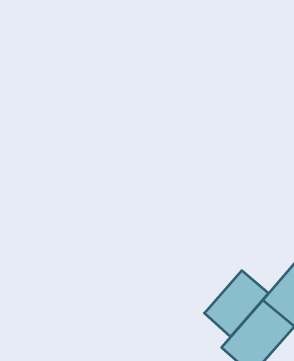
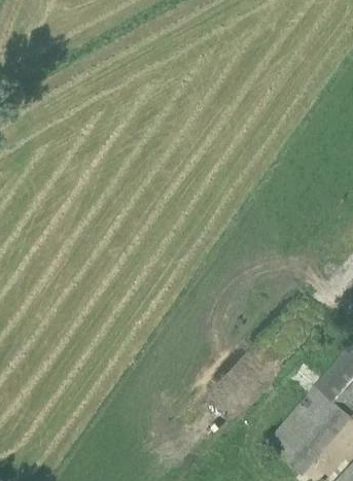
building: [204,271,269,337] -> none

